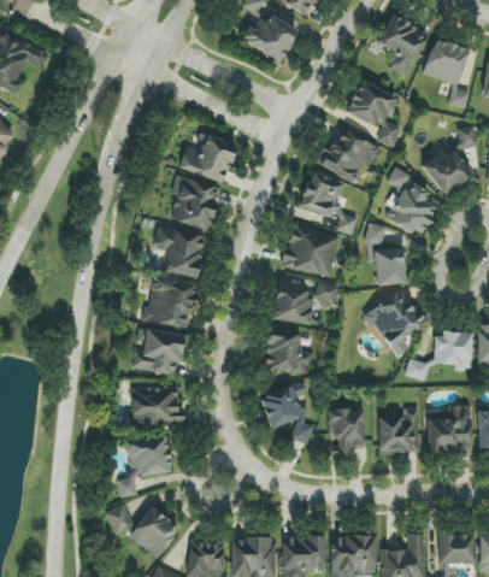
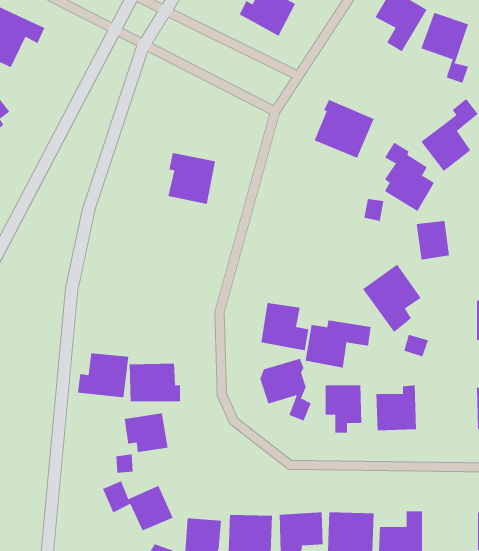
building: [346,80,403,147] -> none
building: [179,134,237,183] -> none
building: [300,172,359,234] -> none
building: [283,224,340,277] -> none
building: [154,225,206,277] -> none
building: [373,247,407,287] -> [416,220,450,260]
building: [272,277,338,325] -> [305,320,371,368]
building: [142,278,194,328] -> none
building: [132,330,184,375] -> [77,353,129,398]
building: [435,330,472,370] -> none
building: [426,406,472,452] -> none
building: [438,534,475,563] -> none

